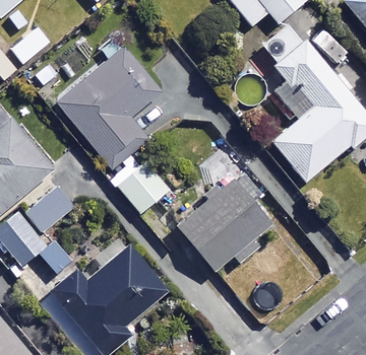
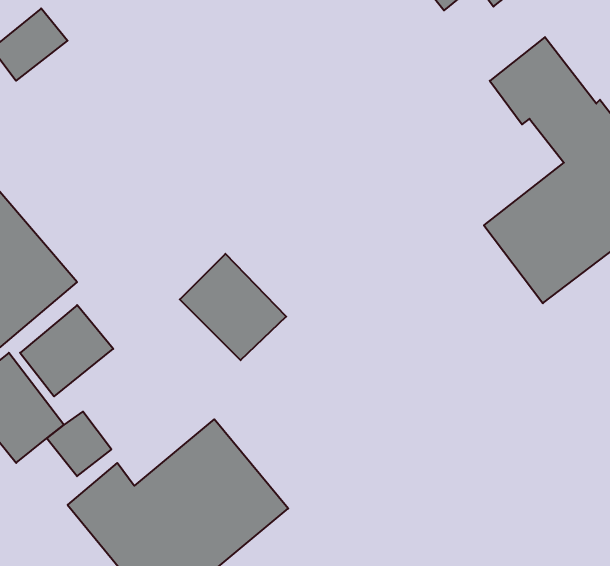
building: [58,50,158,166] -> none
building: [179,181,270,272] -> none

